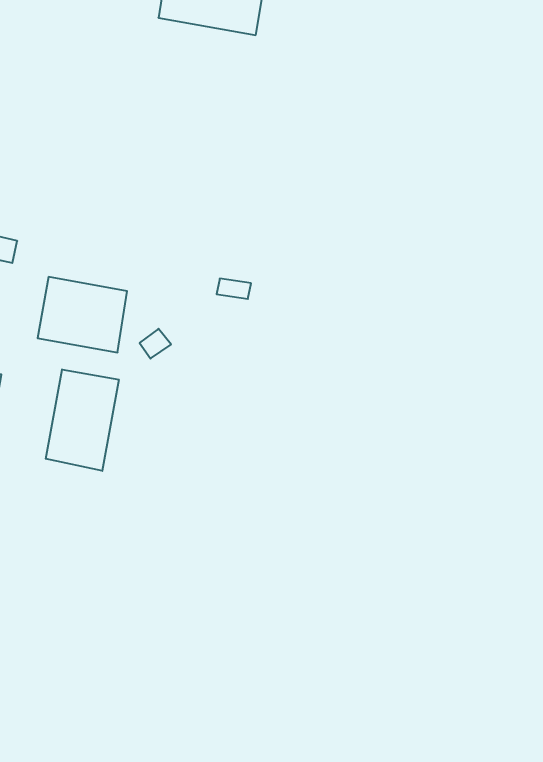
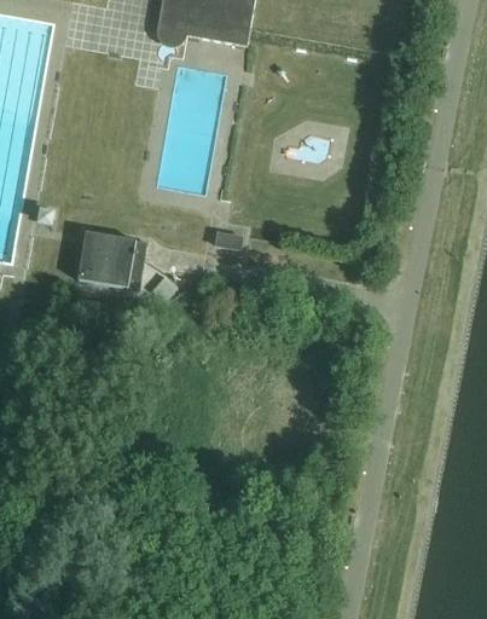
building: [46,369,119,471] -> none

